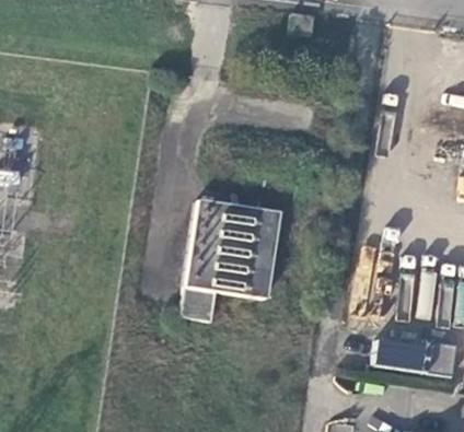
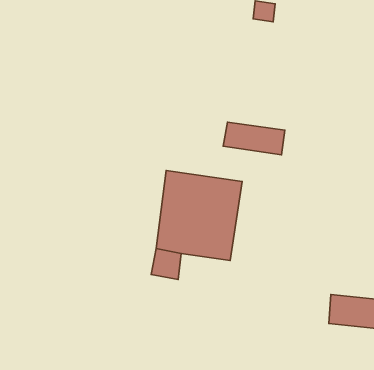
building: none -> [223,122,285,155]

